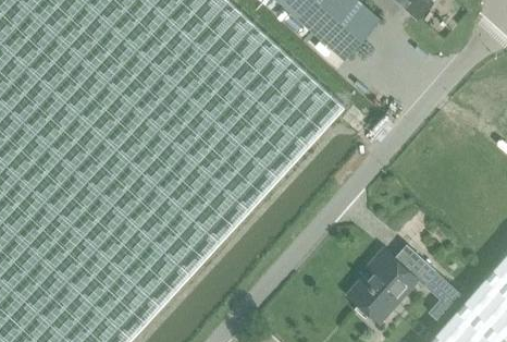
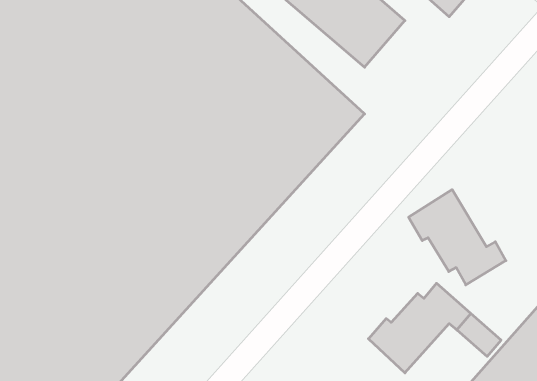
building: none -> [409,190,506,285]

